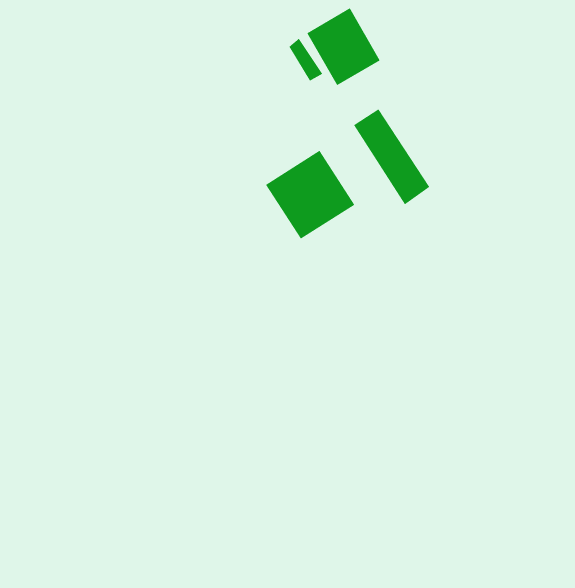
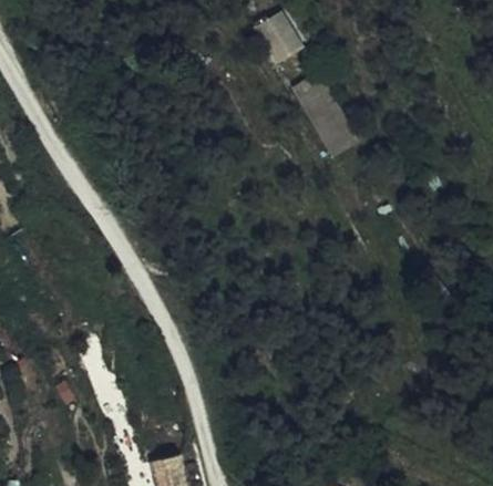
building: [265,150,355,240] -> none

